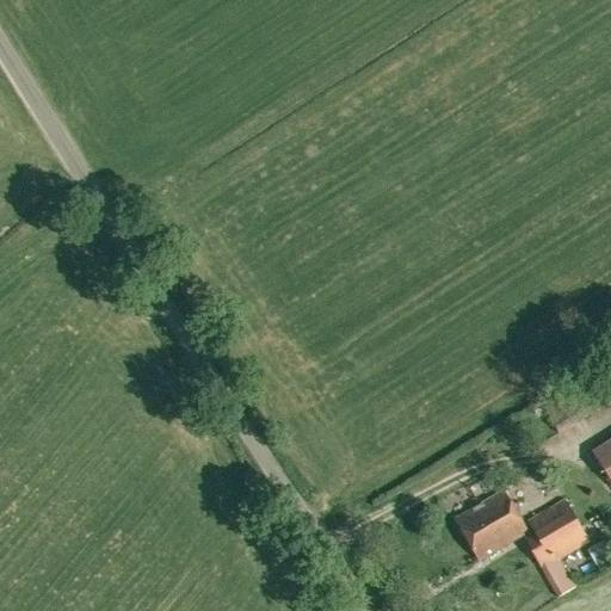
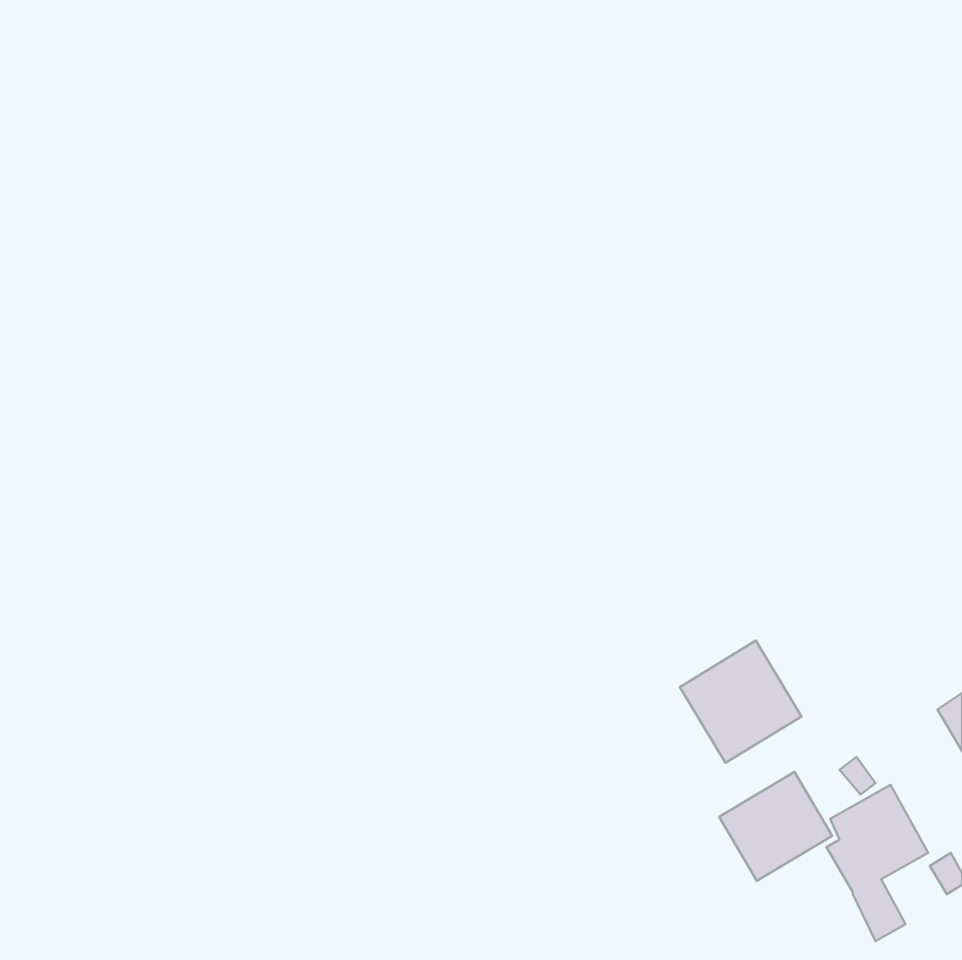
building: none -> [680,641,802,763]

